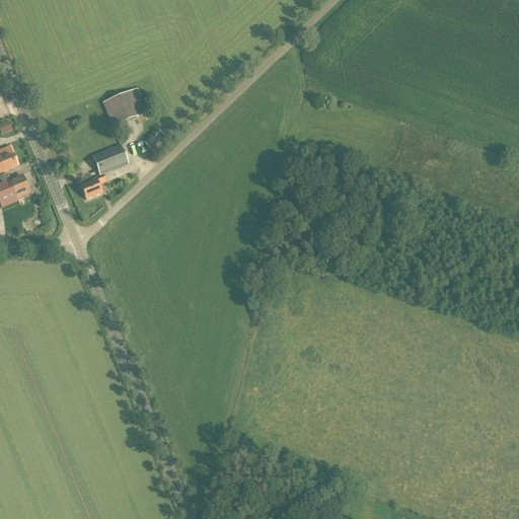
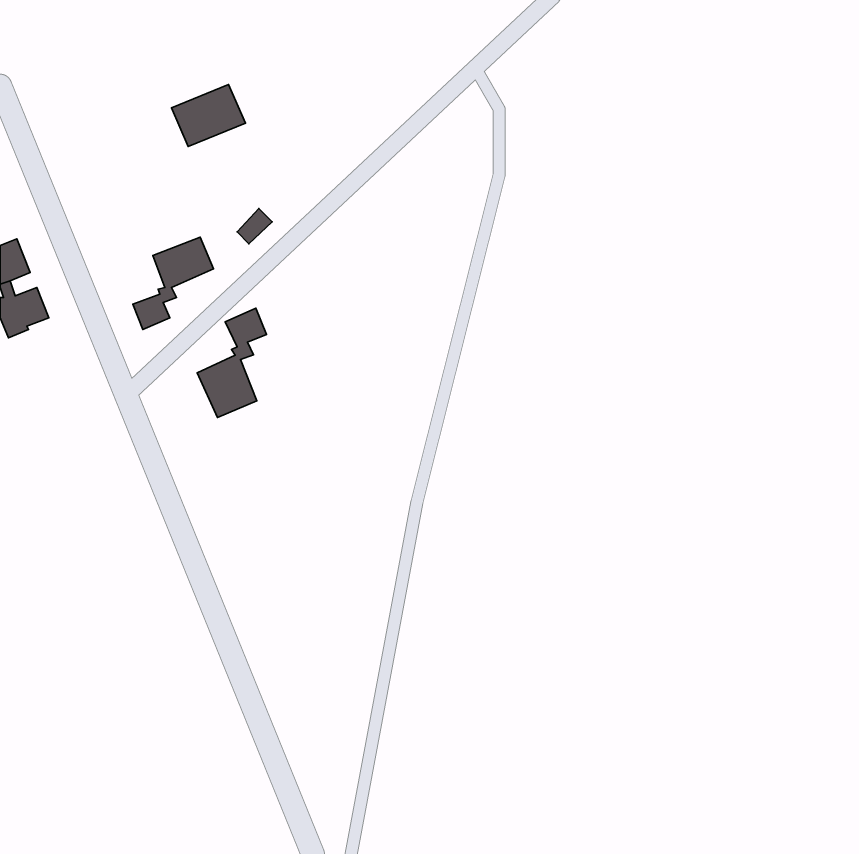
building: [102,87,147,125] -> [171,84,245,147]
building: none -> [197,308,266,417]

